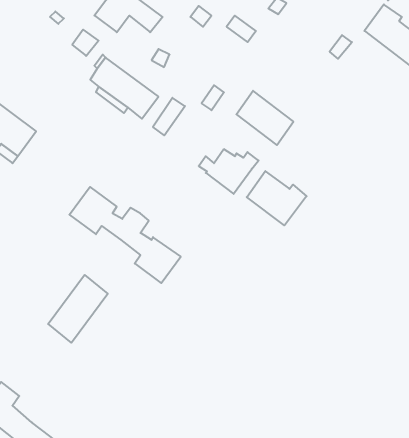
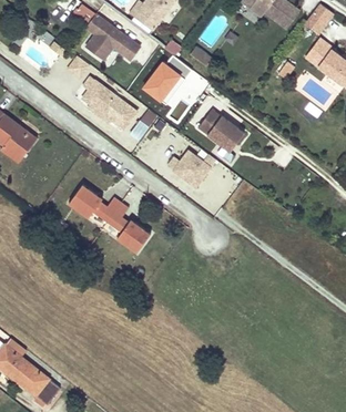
building: none -> [143,62,182,103]
building: [247,171,307,225] -> none
building: [48,275,108,343] -> none

